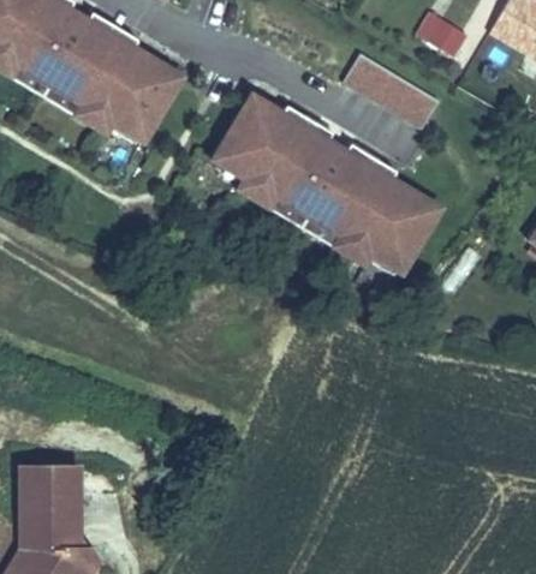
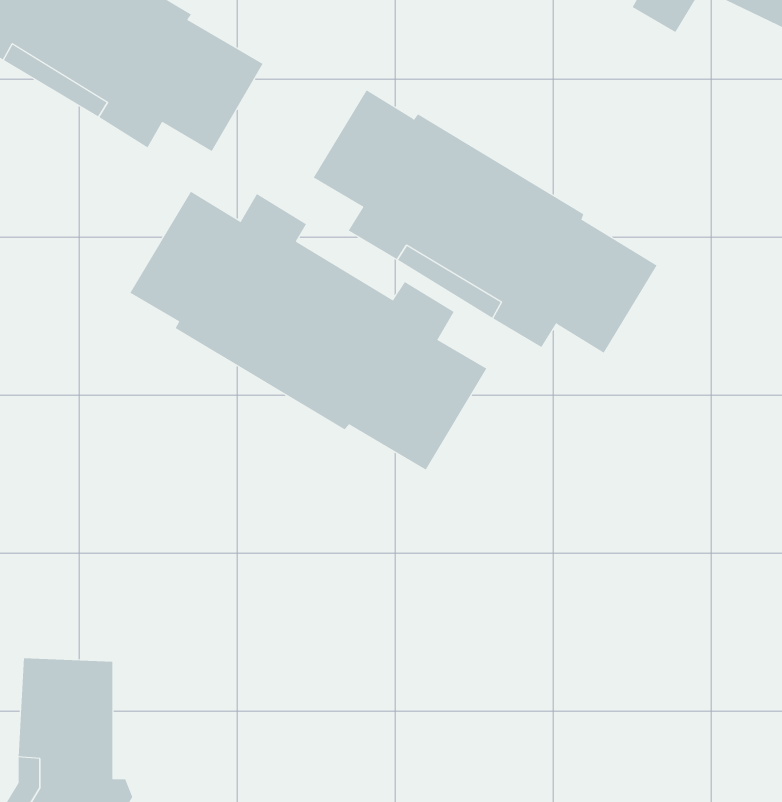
building: [343,52,439,127] -> none
building: none -> [129,191,487,471]

